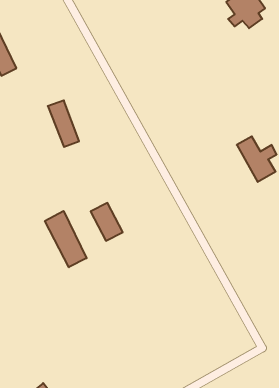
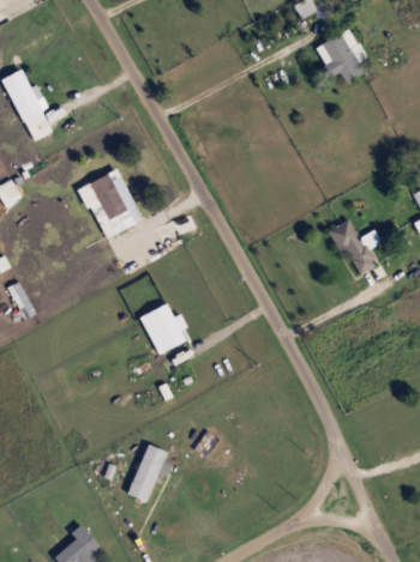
building: [45,211,87,267] -> none
building: none -> [126,443,167,502]

